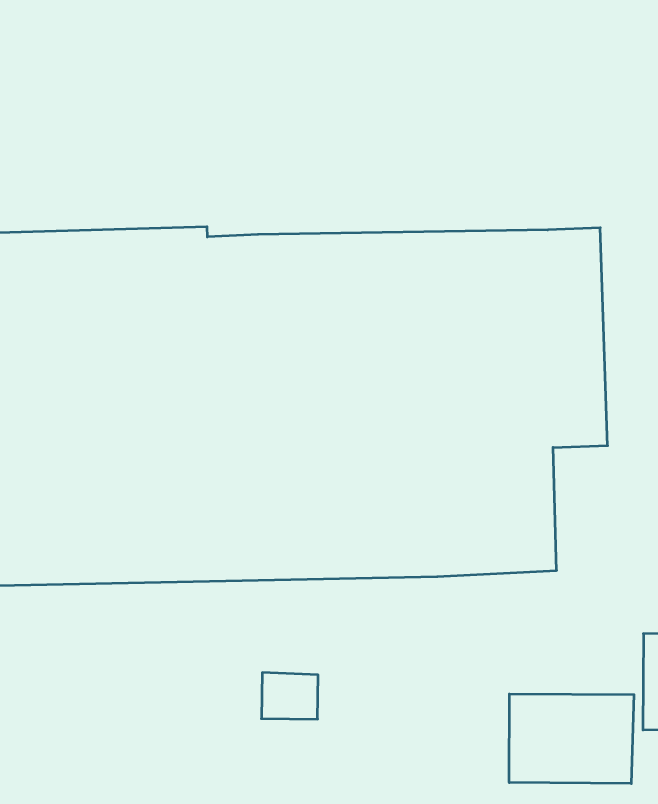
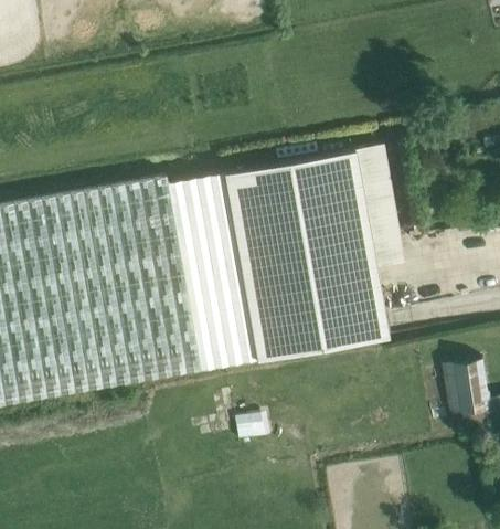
building: [509,694,634,784] -> none

